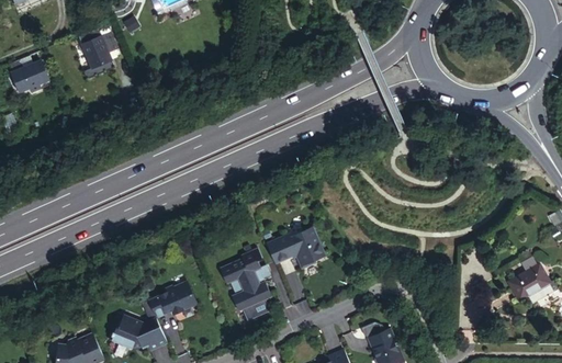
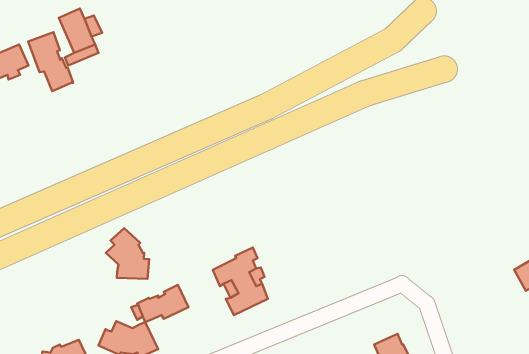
building: none -> [28,32,73,91]
building: [266,229,325,269] -> none
building: none -> [106,228,149,279]

